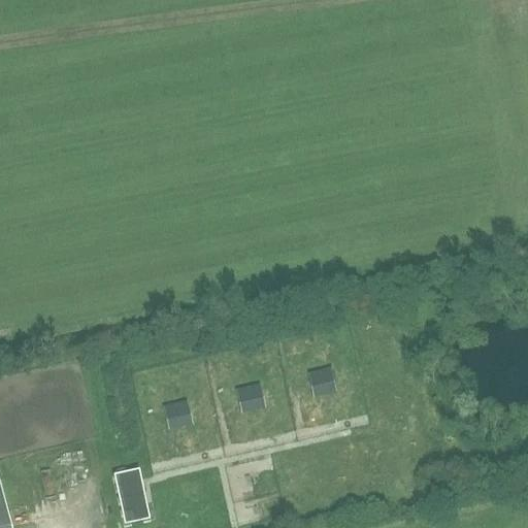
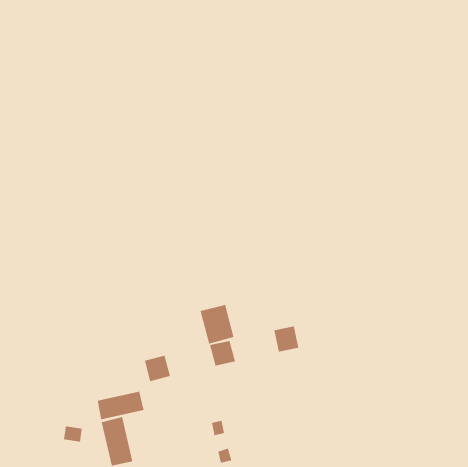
building: none -> [200,304,234,344]
building: none -> [97,391,144,420]

